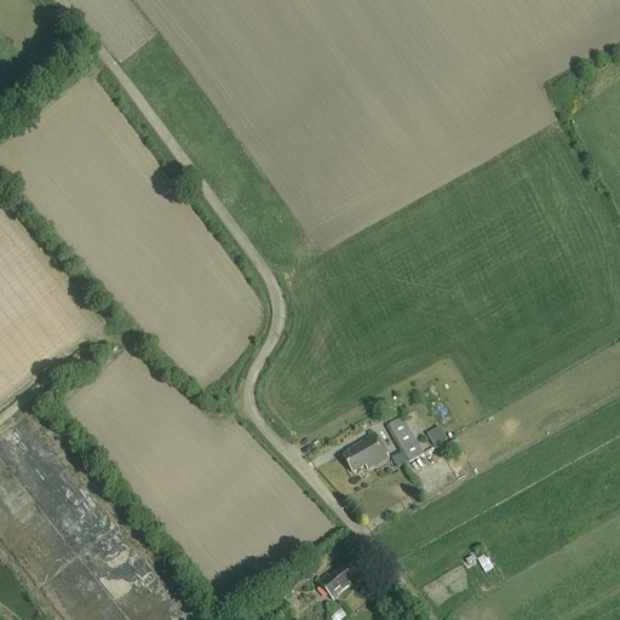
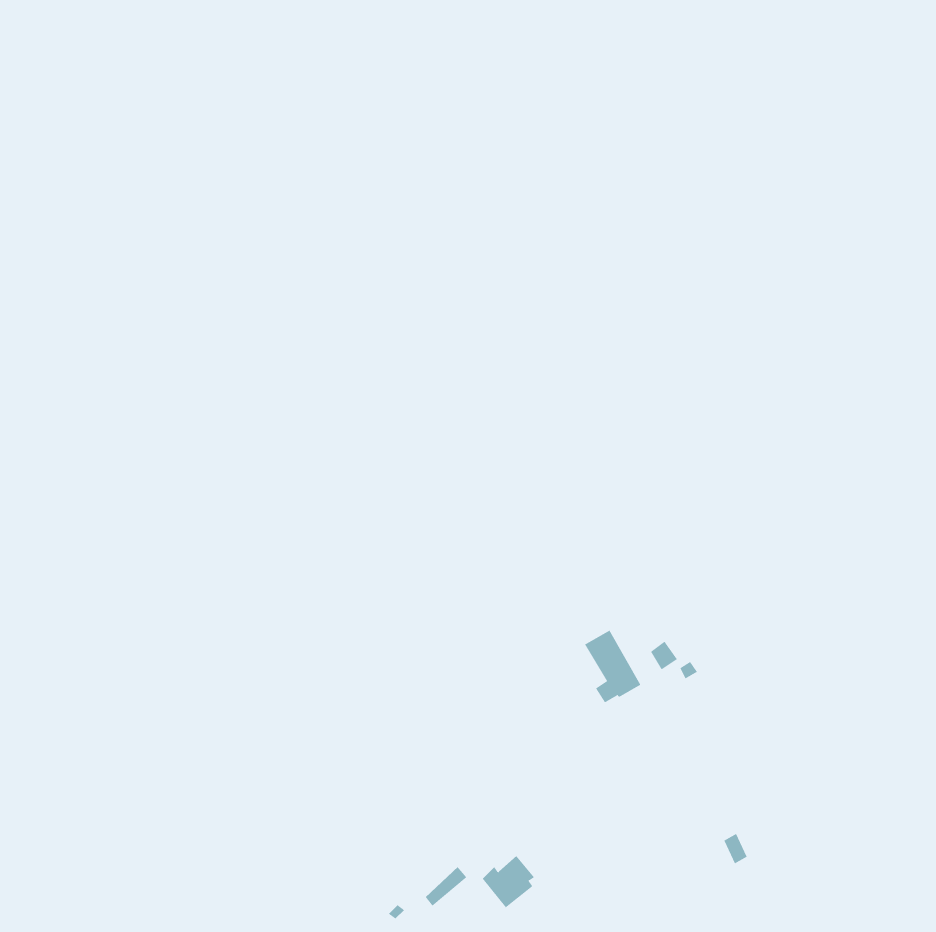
building: [344,432,389,472] -> none

